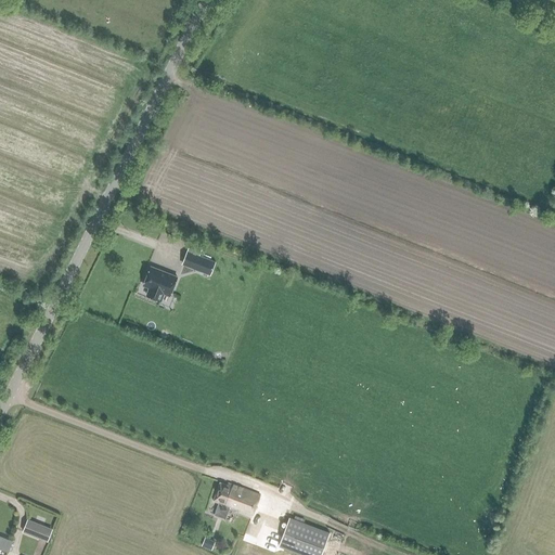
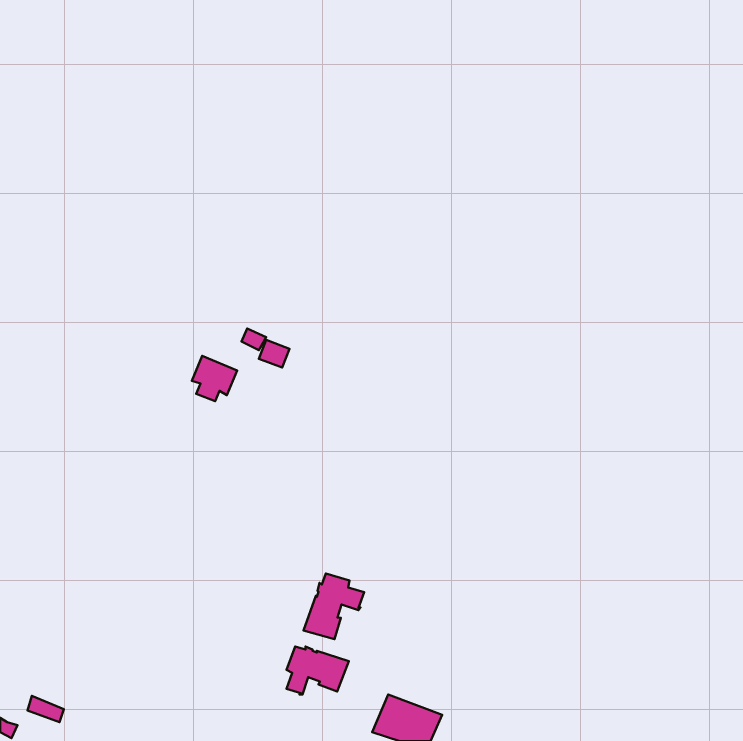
building: none -> [304,574,364,639]

